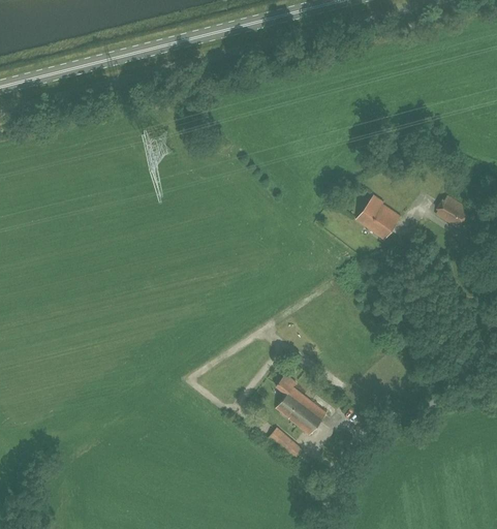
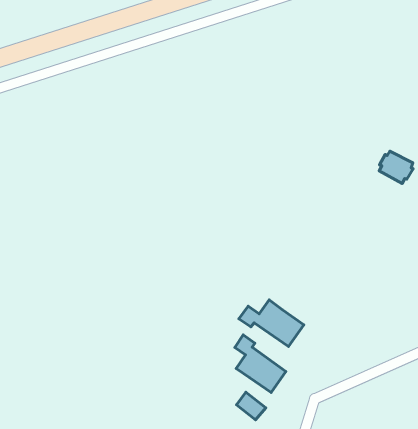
building: [355,194,400,240] -> none
building: none -> [239,300,304,347]

